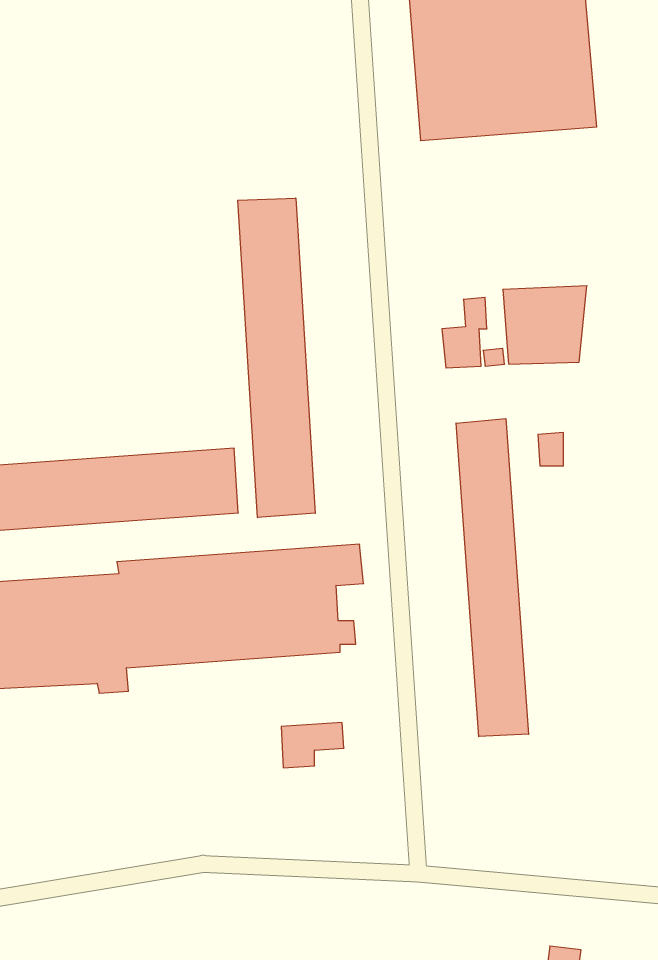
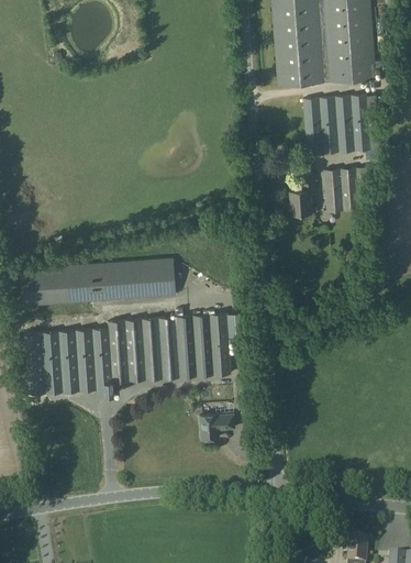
building: none -> [302,93,380,155]
building: [238,198,315,518] -> none
building: [456,419,529,737] -> none

